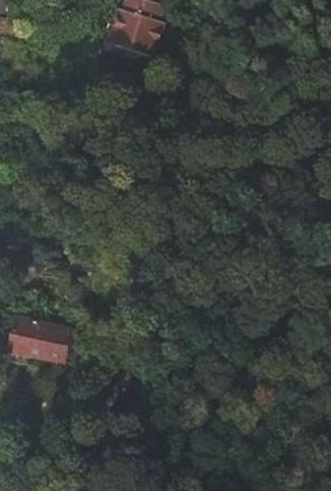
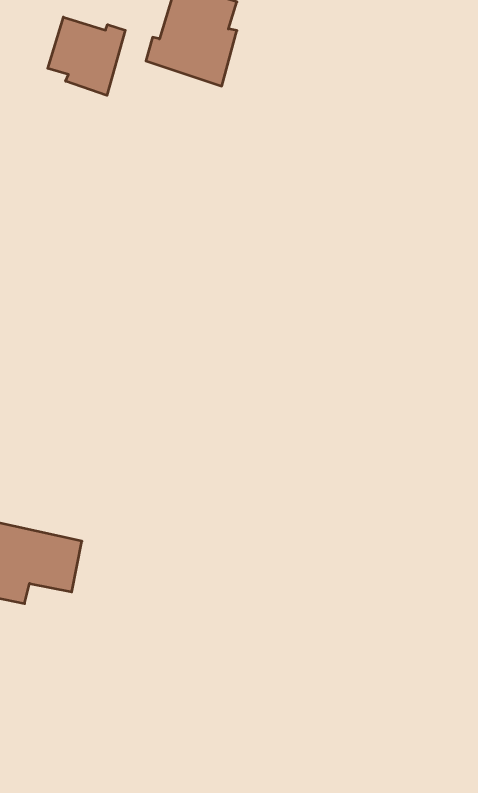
building: none -> [48,17,125,95]

